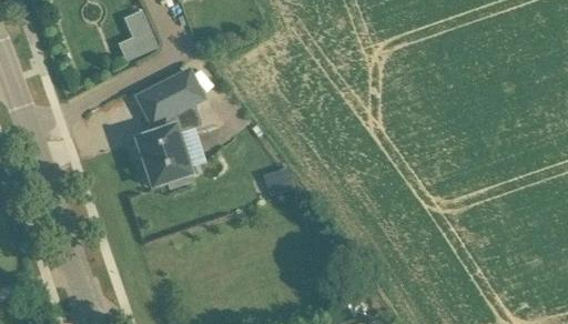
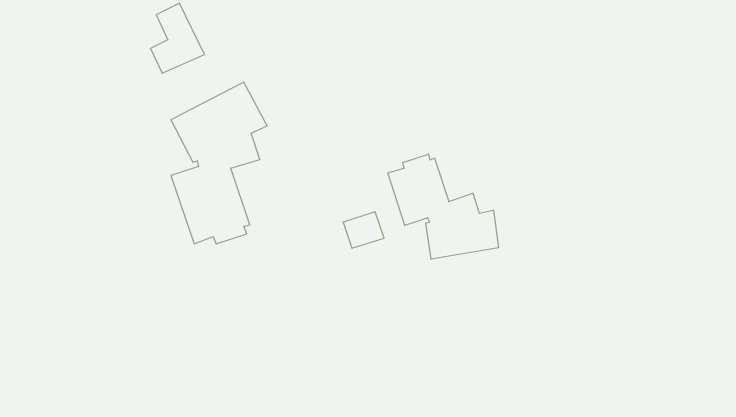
building: none -> [388,154,499,259]

